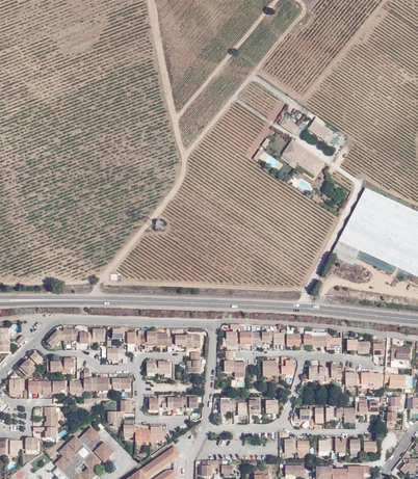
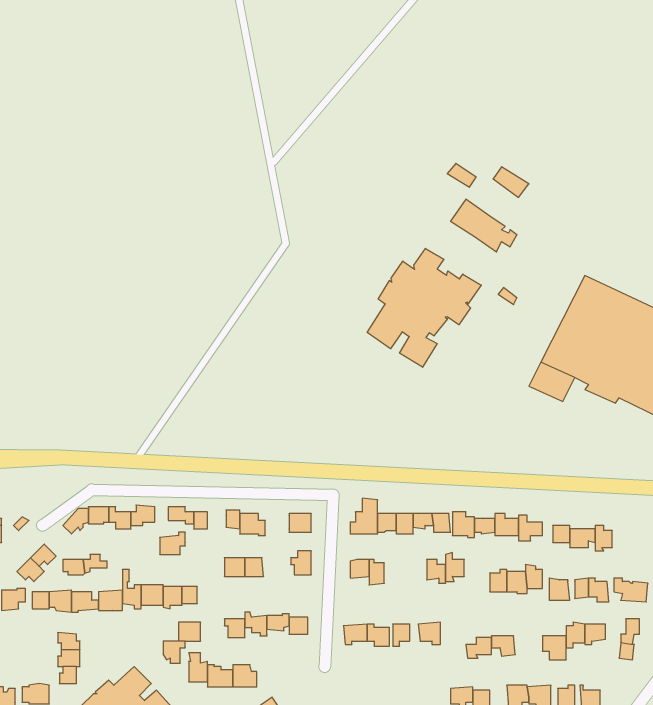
building: none -> [367,248,481,367]

